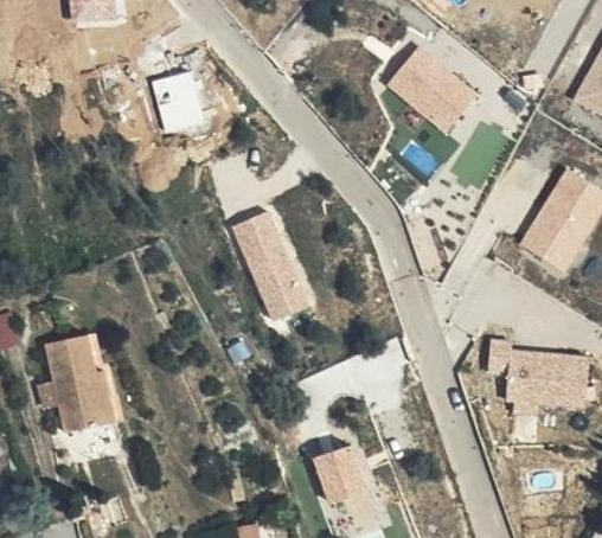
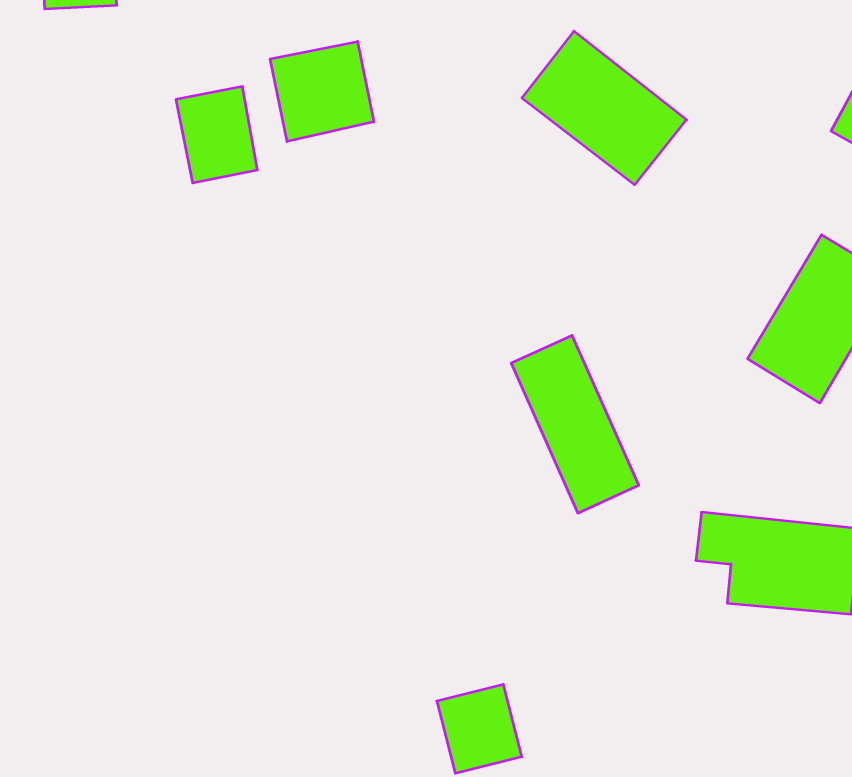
building: none -> [270,41,374,142]
building: [229,207,310,321] -> [511,335,639,513]
building: [46,335,117,434] -> none

